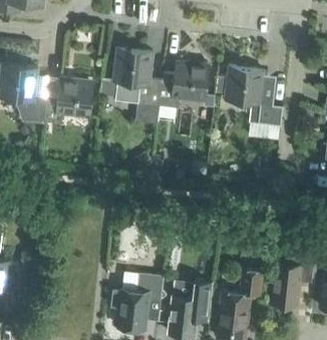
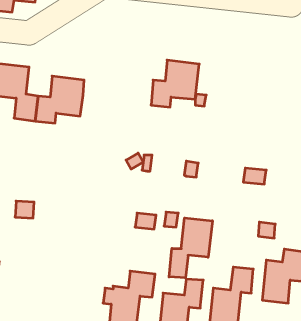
building: [102,48,161,123] -> none
building: [215,67,283,125] -> none
building: none -> [169,218,212,278]

